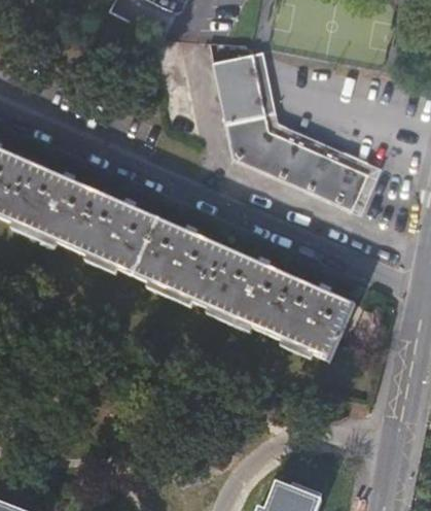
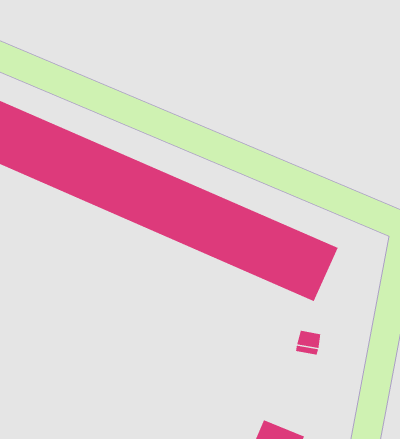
building: [214,52,368,209] -> none

